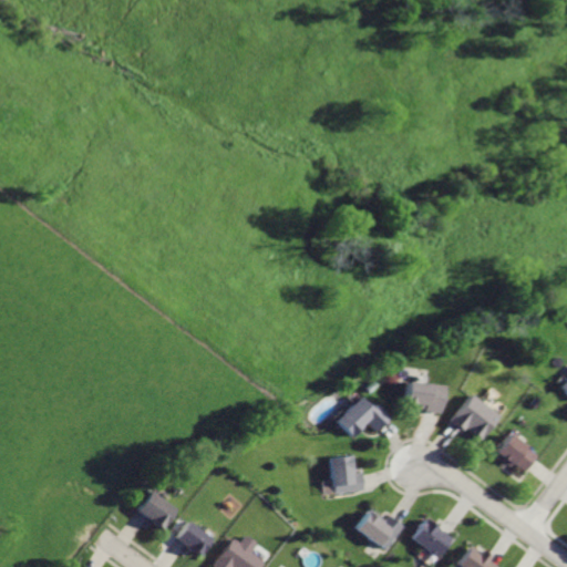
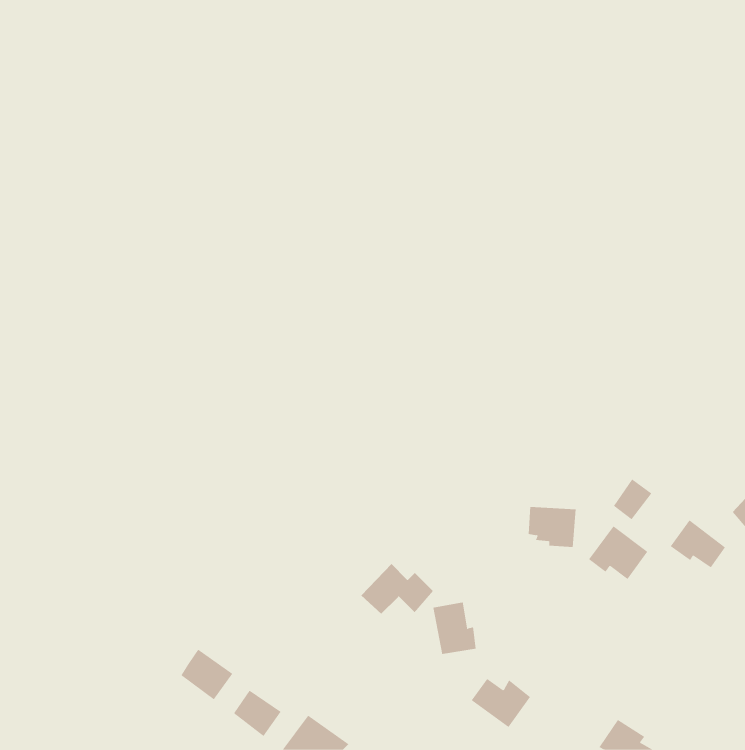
building: none -> [613,478,652,520]
building: [334,396,390,435] -> [361,563,434,615]
building: [493,435,535,472] -> [670,520,726,568]
building: [413,520,451,557] -> none

